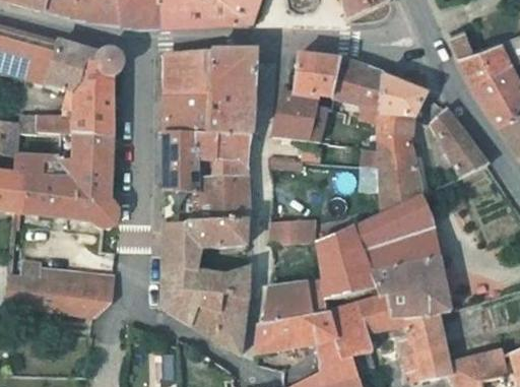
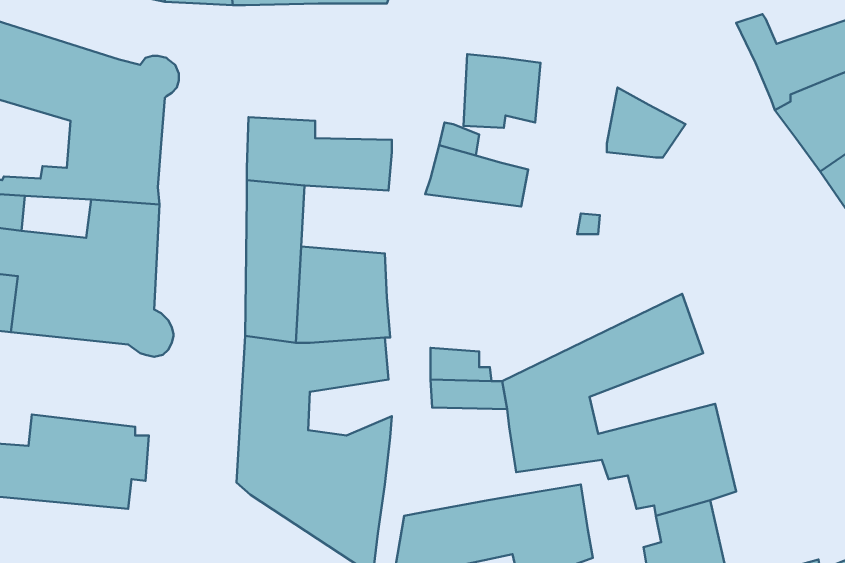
building: [169,49,254,103] -> none
building: [335,58,383,105] -> none
building: [428,107,483,174] -> none
building: [377,110,420,210] -> none
building: [199,129,250,169] -> none
building: [367,227,440,273] -> none
building: [266,278,308,319] -> none
building: [362,298,405,329] -> none

